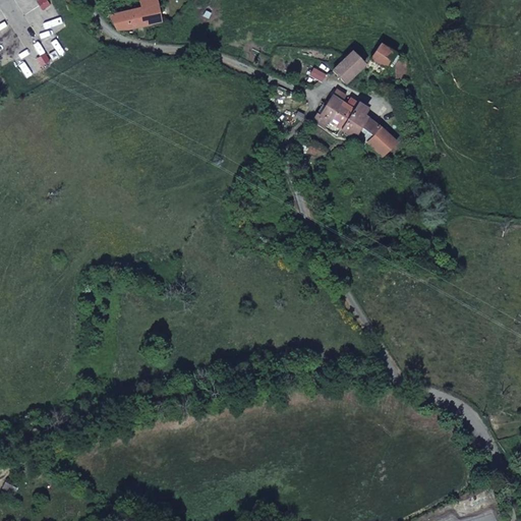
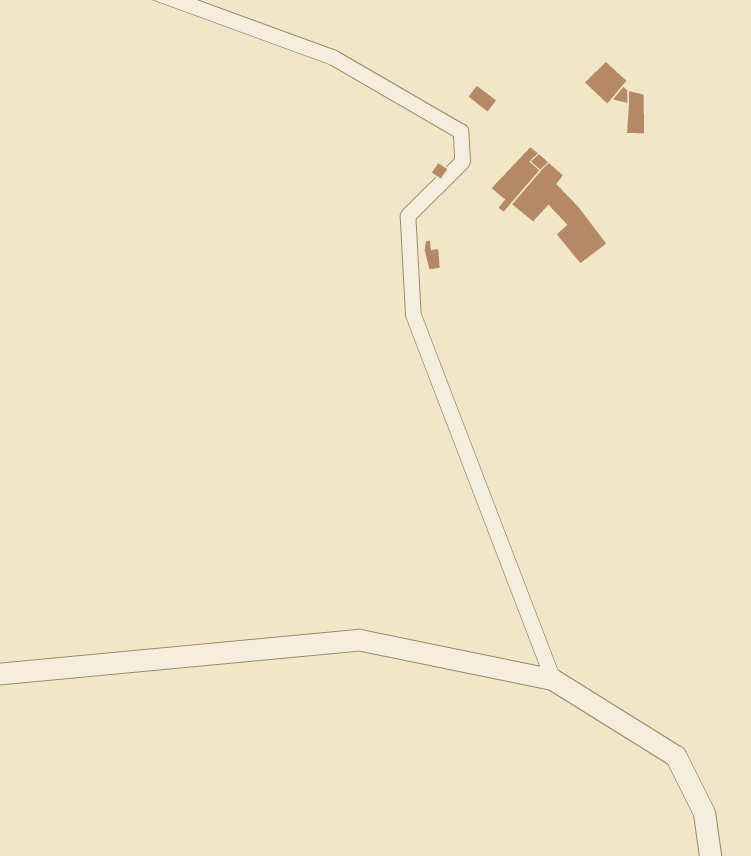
building: [334,51,365,82] -> none
building: [313,89,347,127] -> none

